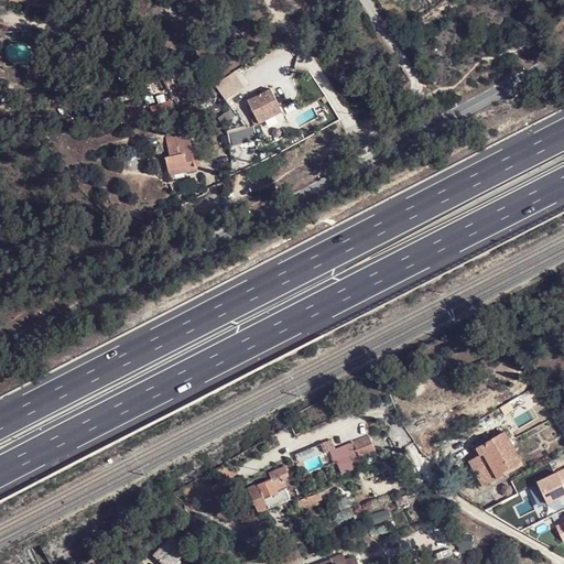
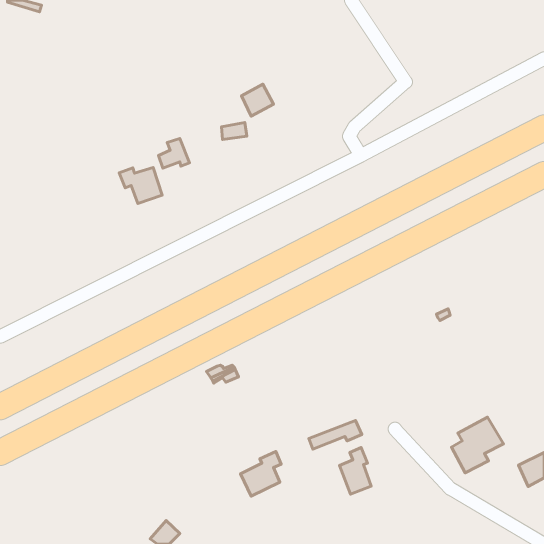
building: [212,72,243,100] -> none
building: none -> [119,168,162,203]
building: none -> [339,447,371,494]

